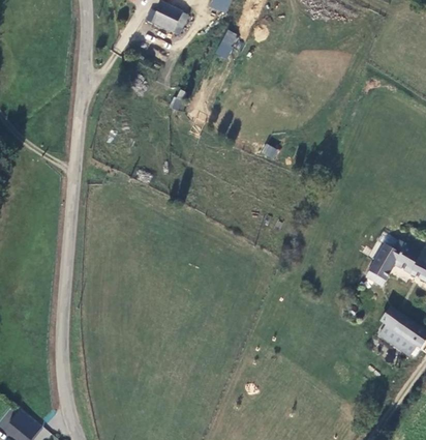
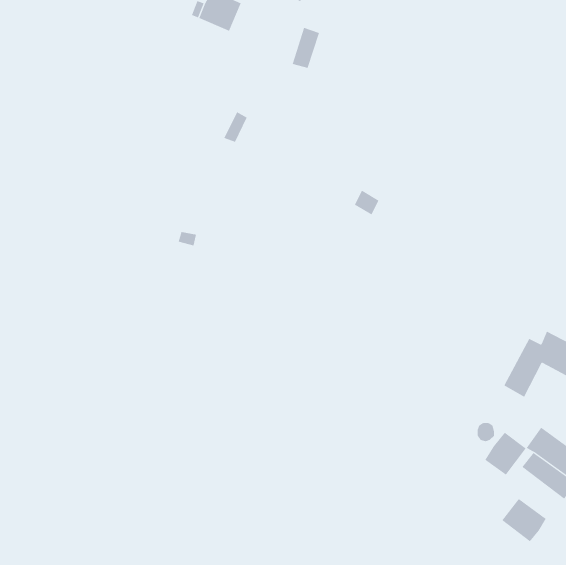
building: none -> [484,432,527,475]
building: none -> [501,498,546,542]

